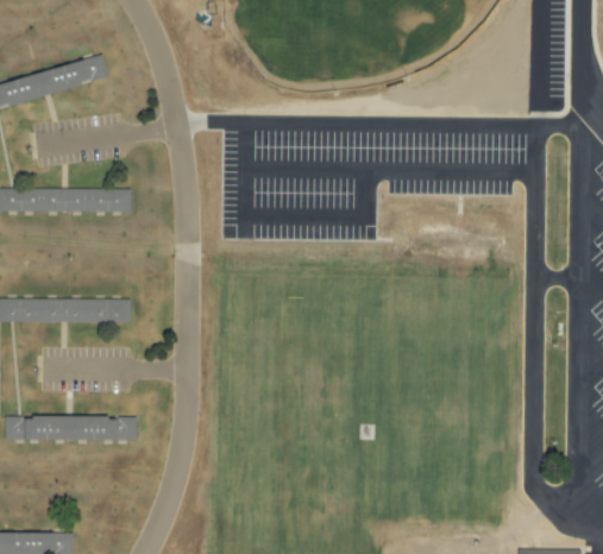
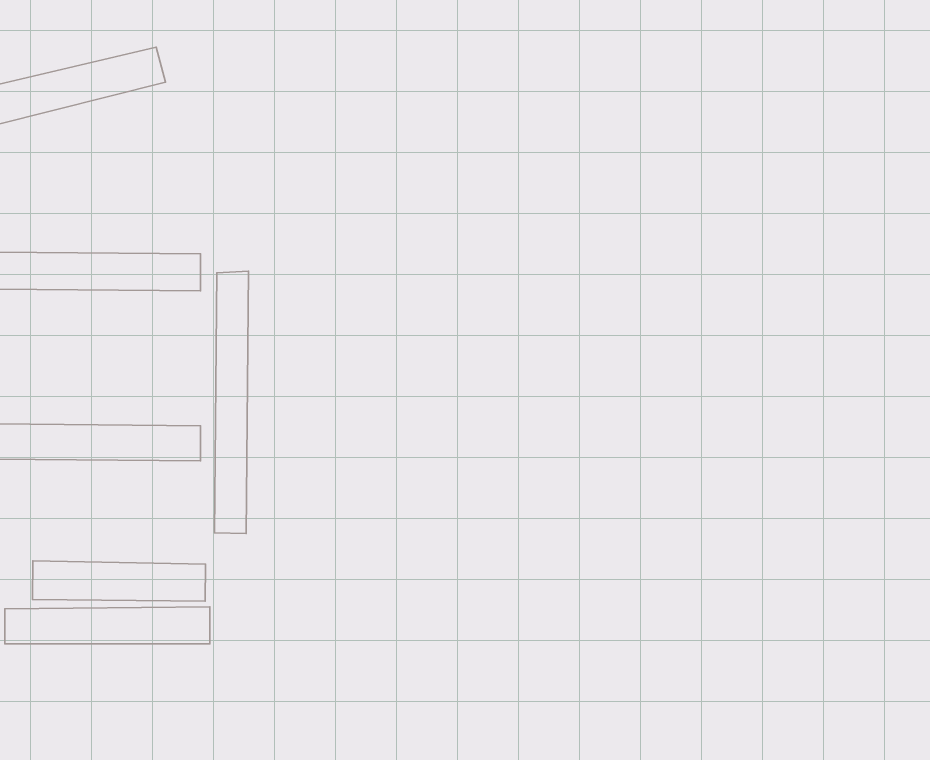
building: none -> [215,271,248,533]
building: none -> [32,561,205,601]

